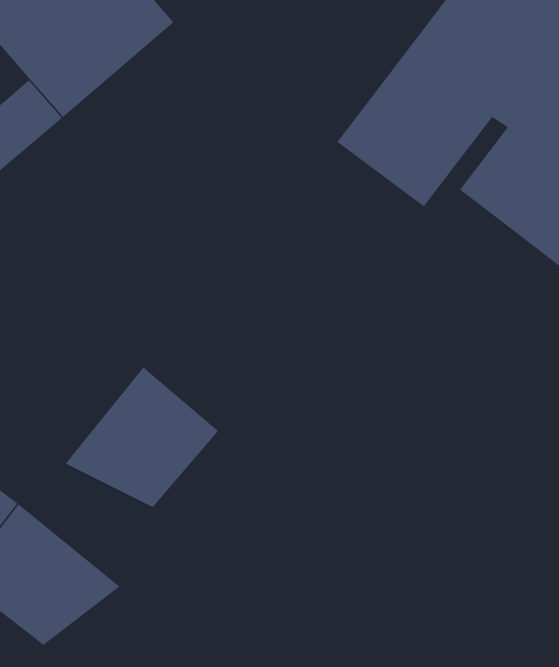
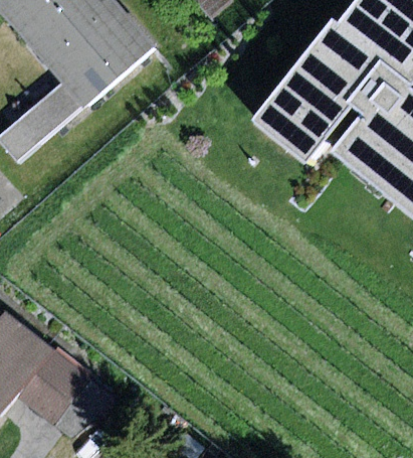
building: [65,366,219,508] -> none

